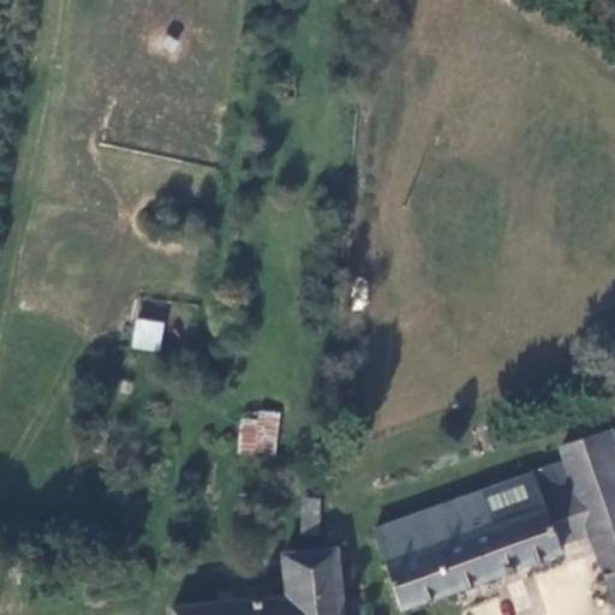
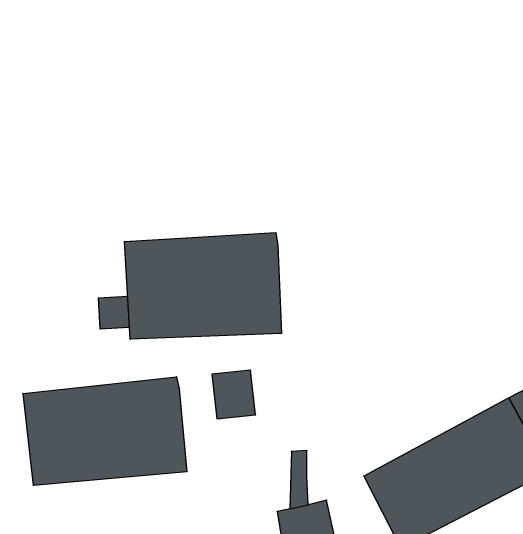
building: none -> [124,233,282,339]
building: none -> [23,377,187,486]

